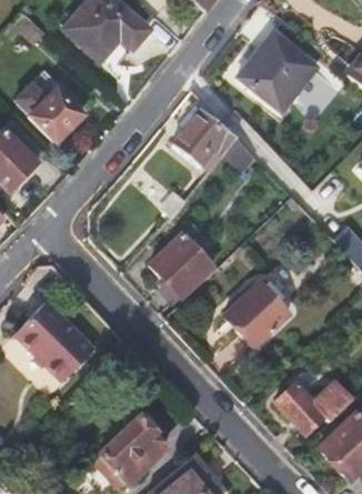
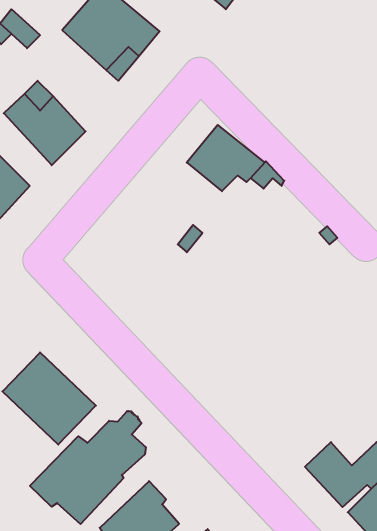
building: [239,20,321,112] -> none
building: [150,232,214,300] -> none
building: [224,279,292,349] -> none
building: none -> [30,411,146,524]

